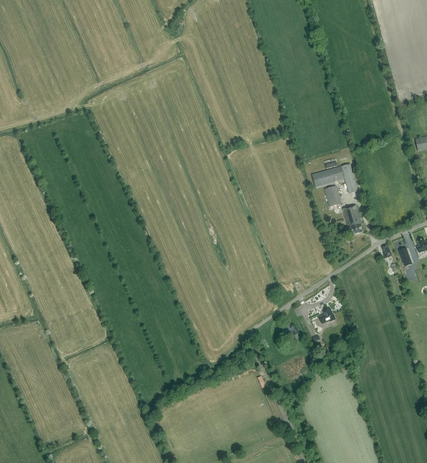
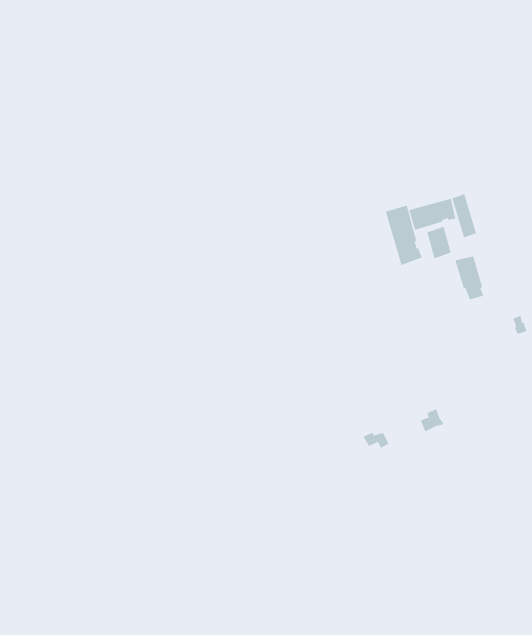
building: none -> [385,205,422,266]

